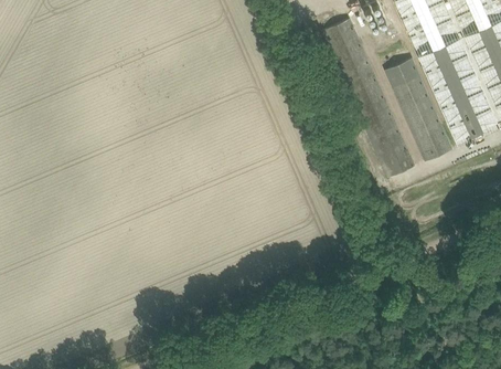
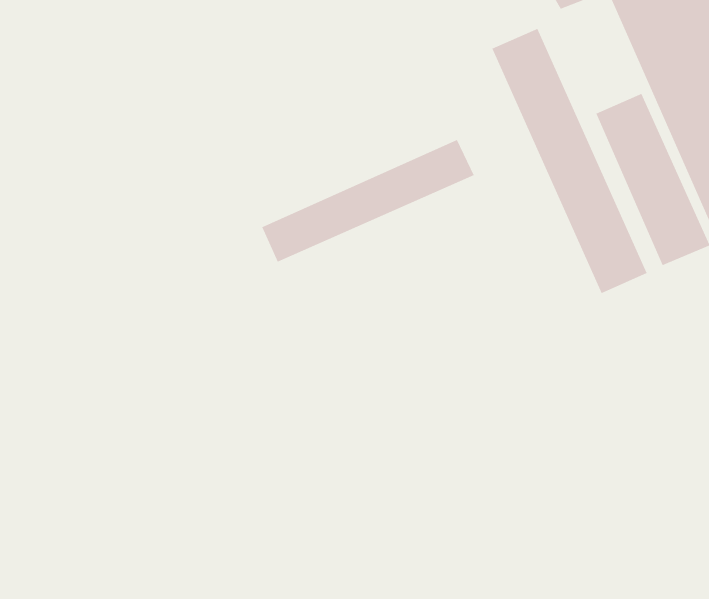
building: none -> [262,139,475,262]

